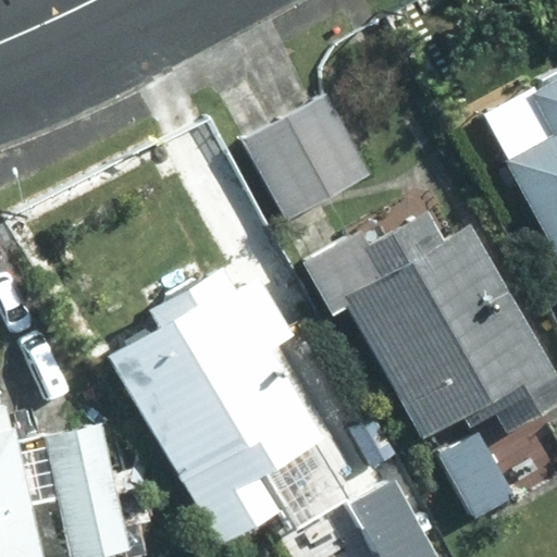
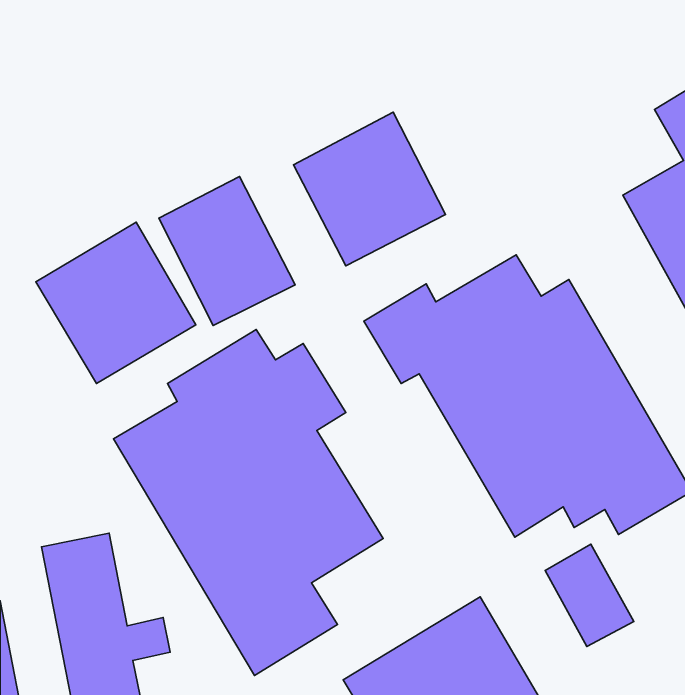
building: none -> [159,177,295,325]
building: none -> [36,222,196,383]

